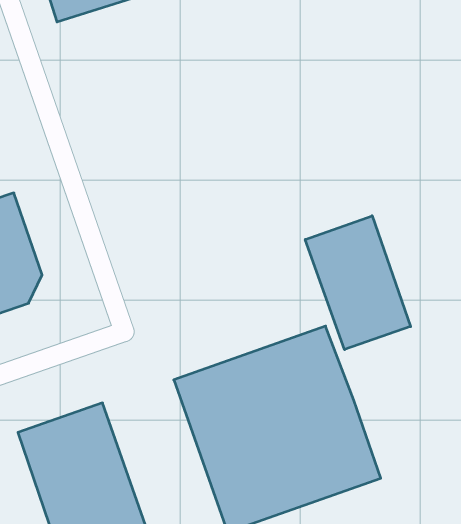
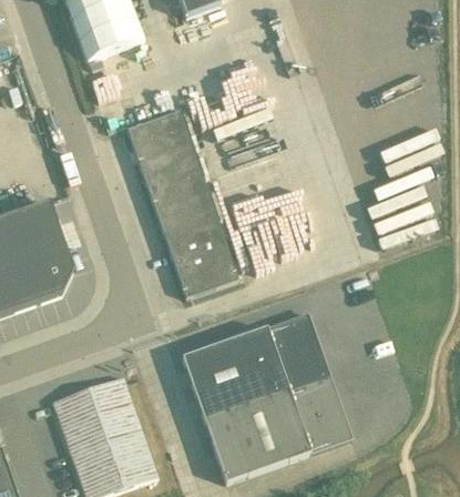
building: none -> [126,109,238,296]
building: [305,216,411,350] -> none

